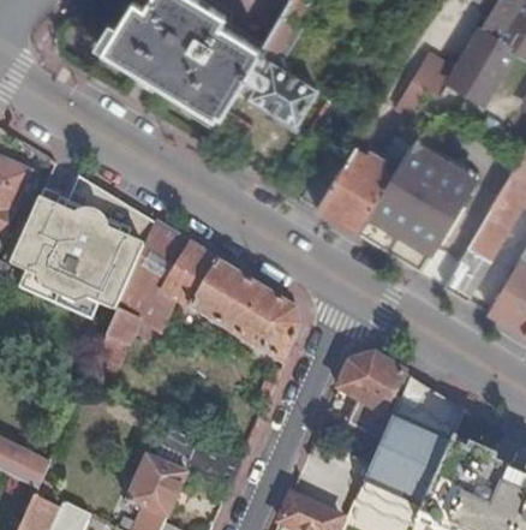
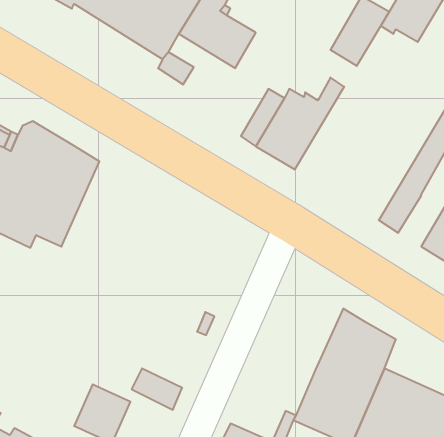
building: [359,139,477,269] -> none
building: [91,222,301,379] -> none
building: [340,355,410,440] -> none

